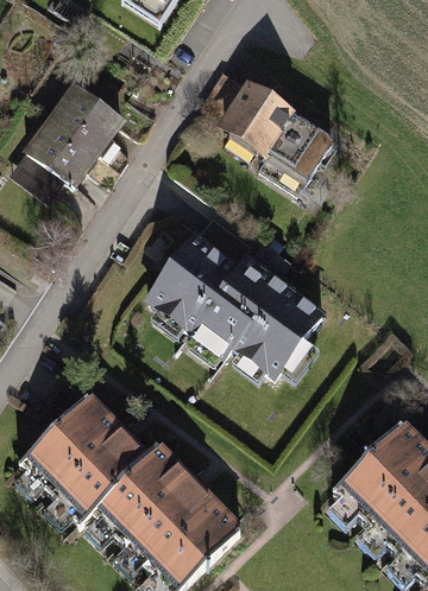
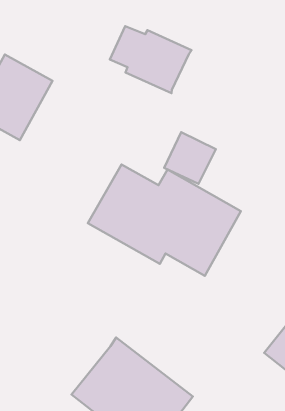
building: [268,112,333,177] -> [164,132,216,184]
building: [25,389,153,516] -> none

